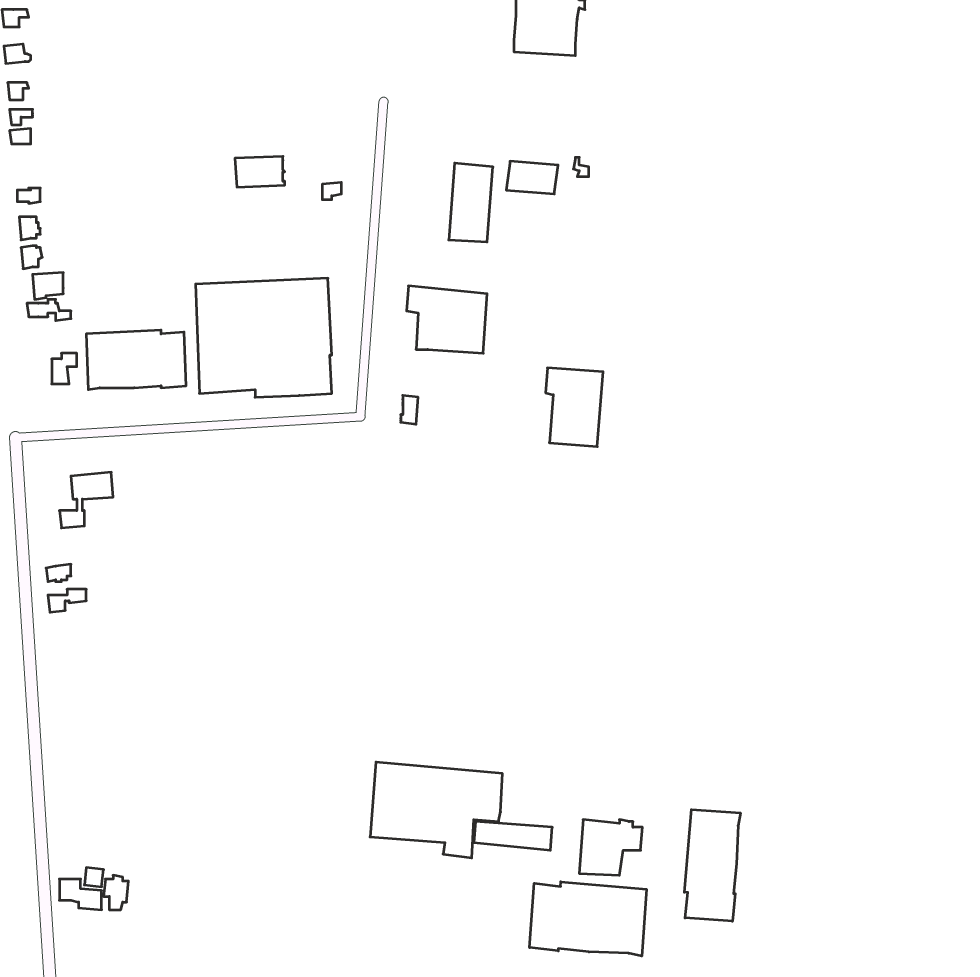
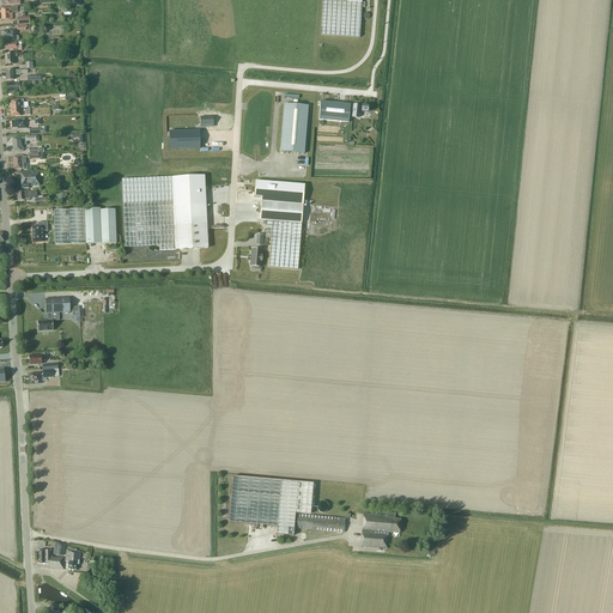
building: [235,156,285,187] -> [169,128,200,147]
building: [546,368,603,447] -> [266,218,302,267]
building: [684,810,740,921] -> none
building: [530,882,646,956] -> none

